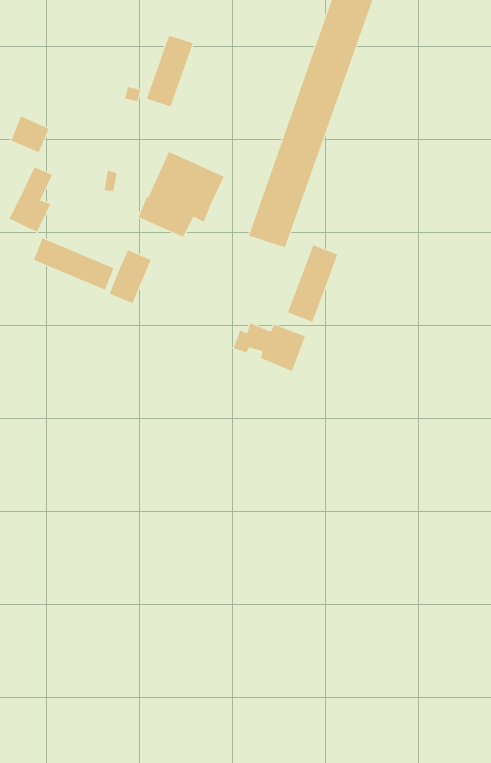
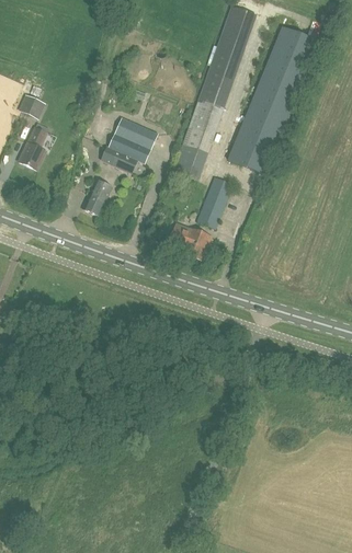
building: none -> [227,26,319,174]
building: [146,35,194,107] -> none
building: [33,237,114,291] -> none

